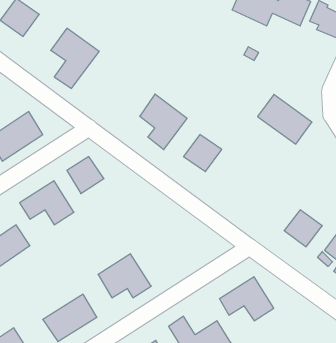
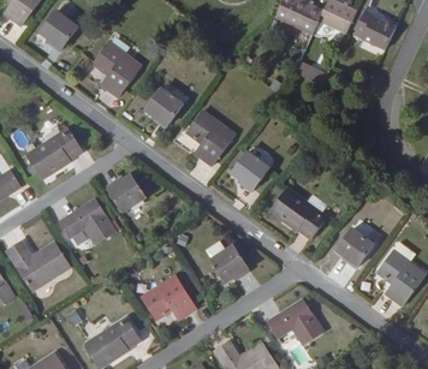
building: none -> [141,90,180,130]
building: [258,94,312,144] -> [271,186,327,238]
building: none -> [210,244,248,281]

